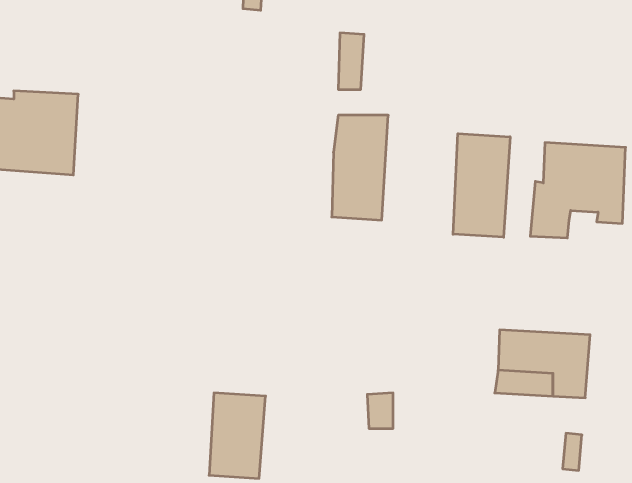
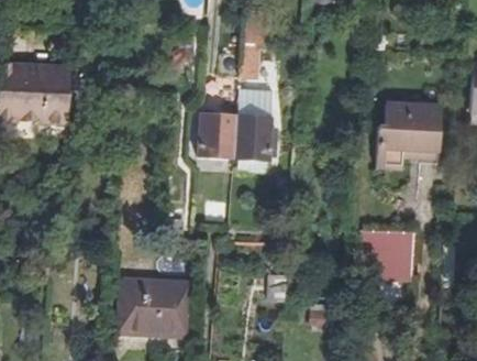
building: [453,134,510,237] -> none
building: none -> [196,108,243,154]
building: none -> [120,272,162,330]

